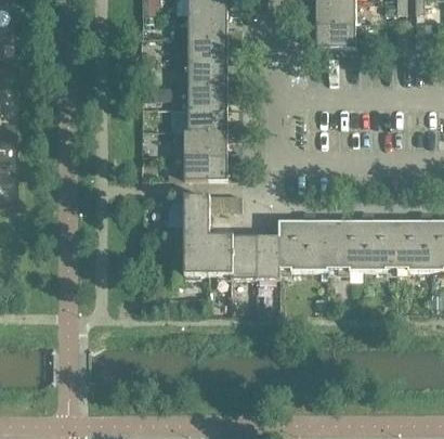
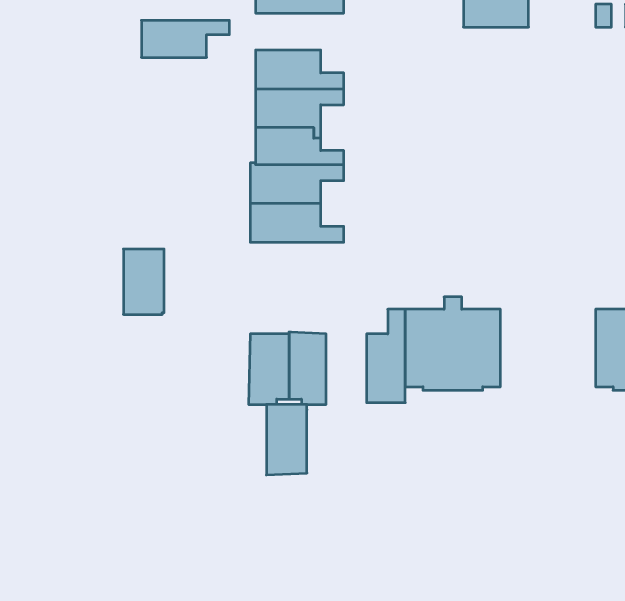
building: [188,36,243,59] -> [141,20,229,57]
building: [185,193,210,233] -> [123,249,164,314]
building: [339,210,397,268] -> none
building: [232,233,257,276] -> [266,404,307,475]

